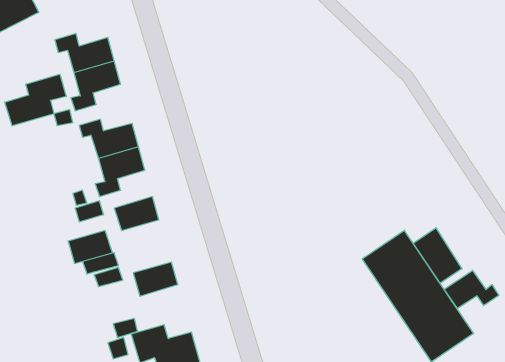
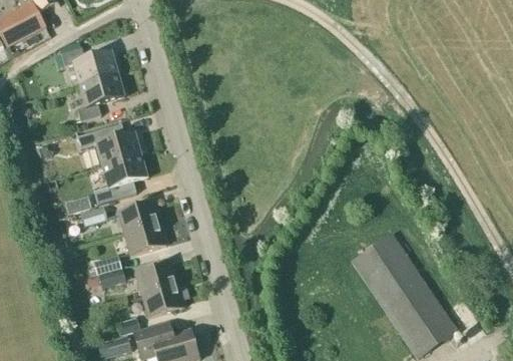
building: [5,74,66,126] -> none
building: [413,228,462,283] -> none
building: [68,231,113,263] -> [124,224,166,255]
building: [444,270,499,309] -> none
building: none -> [141,285,183,317]

